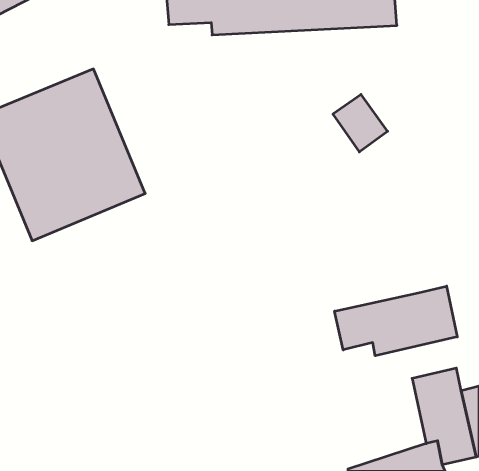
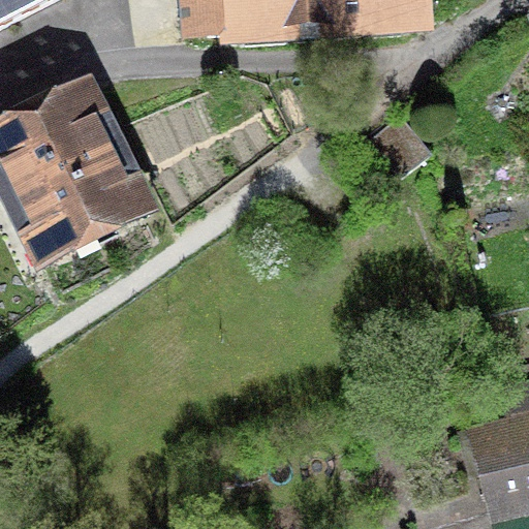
building: [335,286,457,356] -> none

